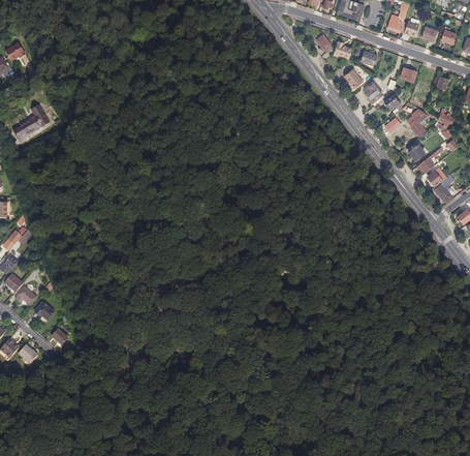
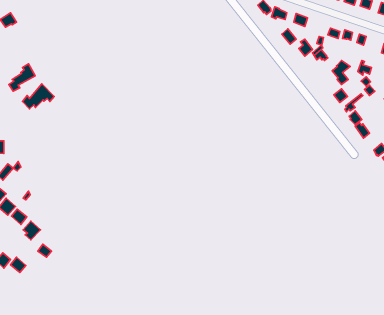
building: none -> [23,84,54,109]

